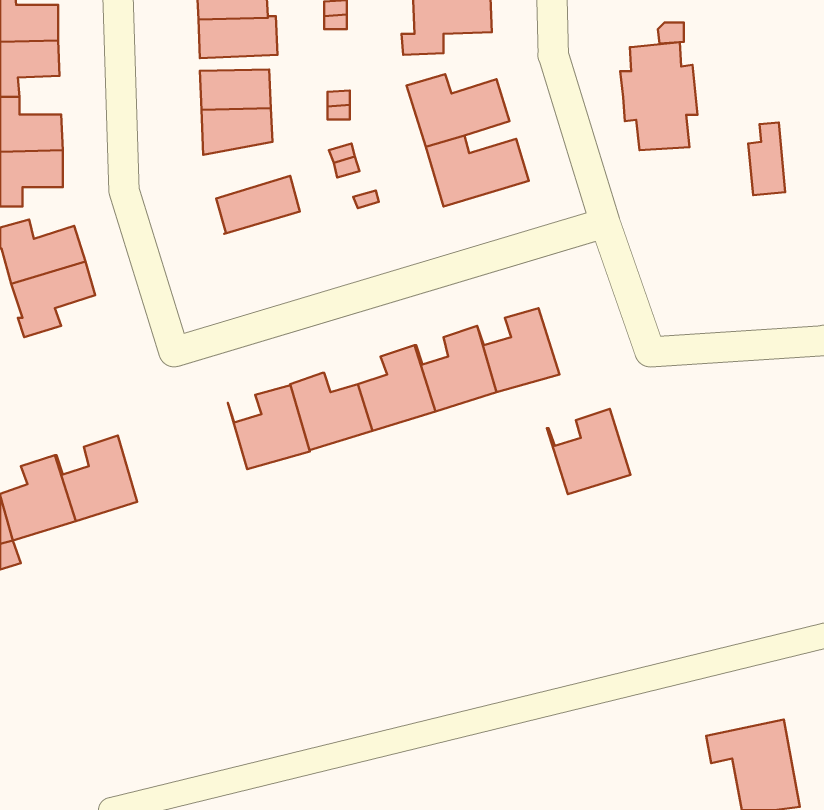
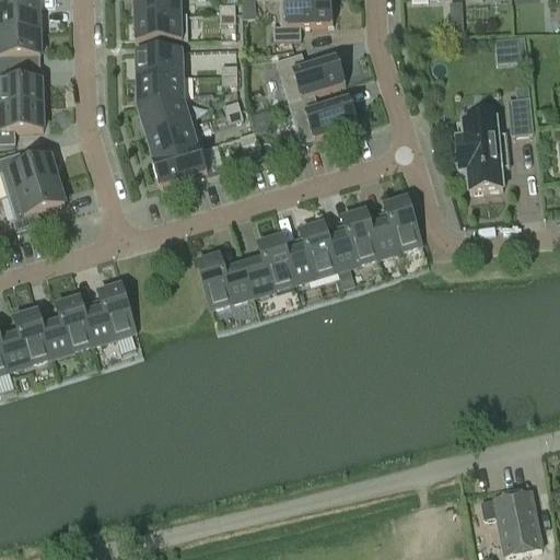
building: [620,42,697,150] -> [456,115,509,188]
building: none -> [138,95,197,135]
building: none -> [152,143,208,184]
building: [228,385,310,469] -> [80,283,136,340]
building: [547,409,631,494] -> [365,196,422,254]

